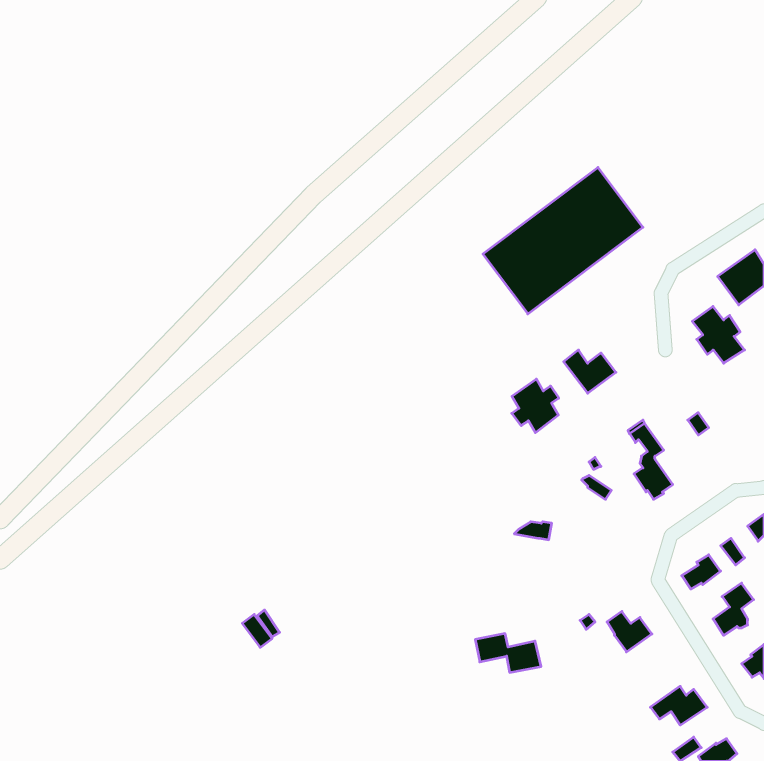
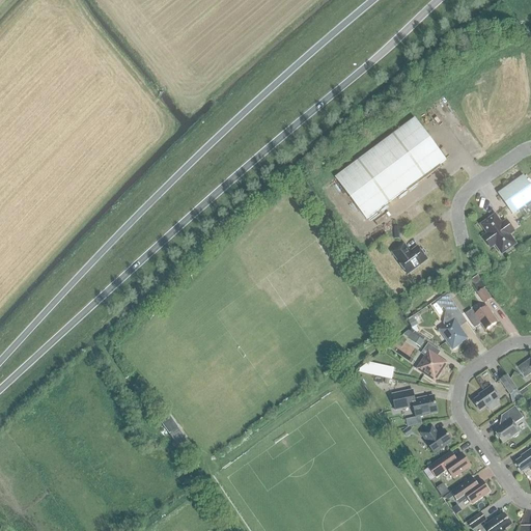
building: [512,379,559,433] -> none
building: none -> [466,305,498,329]
building: none -> [417,342,447,379]
building: [475,634,541,672] -> [392,389,438,416]
building: none -> [428,450,470,476]

